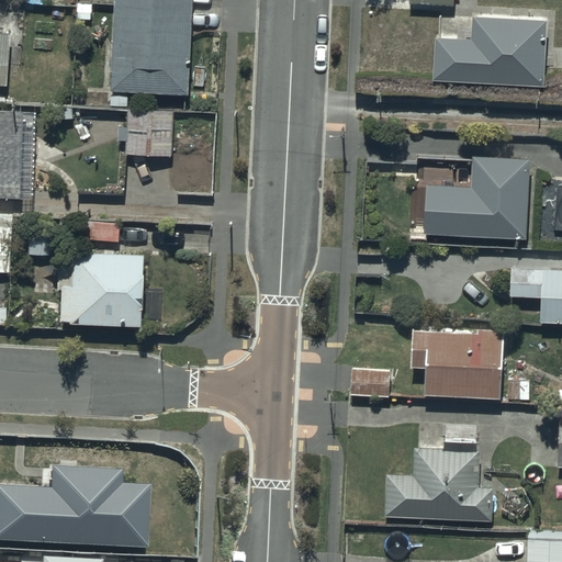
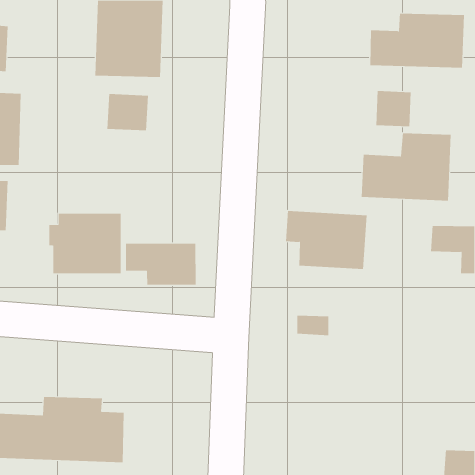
building: none -> [376,90,411,127]
building: none -> [125,243,196,286]
building: [408,331,505,401] -> [285,211,368,270]
building: [383,440,492,521] -> none

